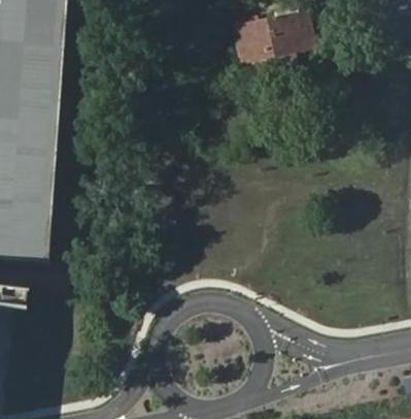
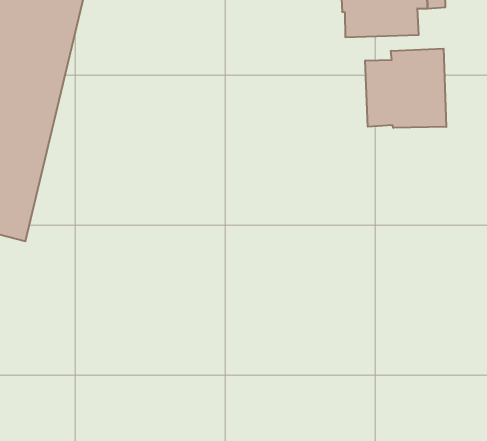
building: none -> [365,49,446,128]

